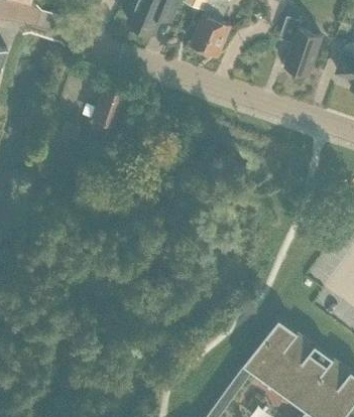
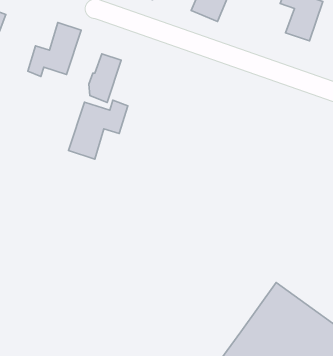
building: none -> [28,22,81,76]
building: none -> [69,100,128,159]

